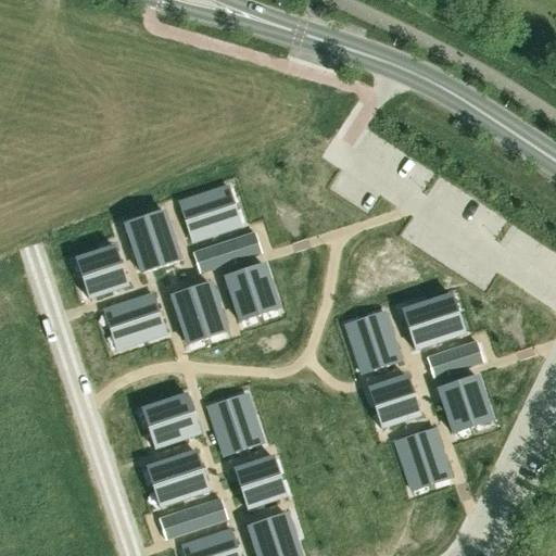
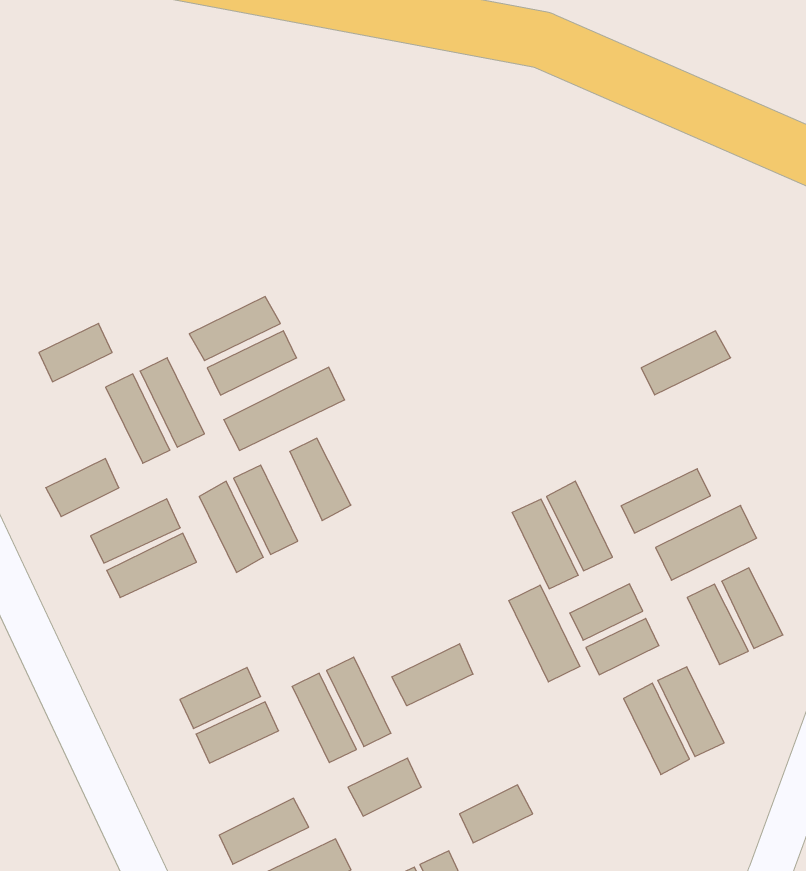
building: [79,245,121,275] -> [39,323,112,382]
building: [247,264,277,309] -> none
building: [402,295,453,327] -> [641,331,731,395]
building: none -> [509,585,580,682]
building: none -> [392,644,473,706]
building: [150,451,201,483] -> none
building: [241,478,282,507] -> [460,785,533,843]

